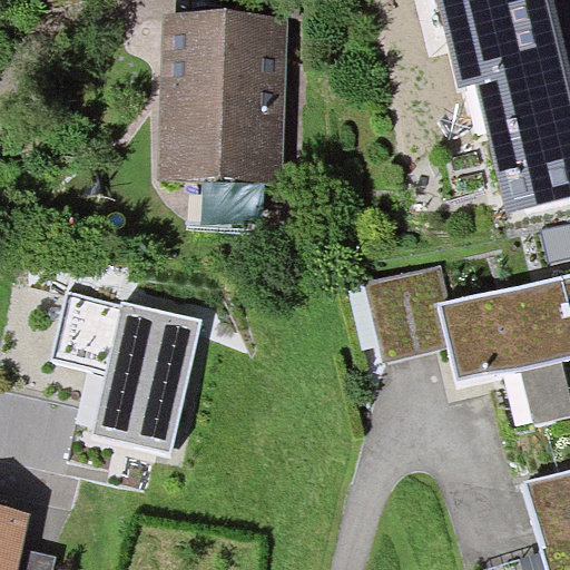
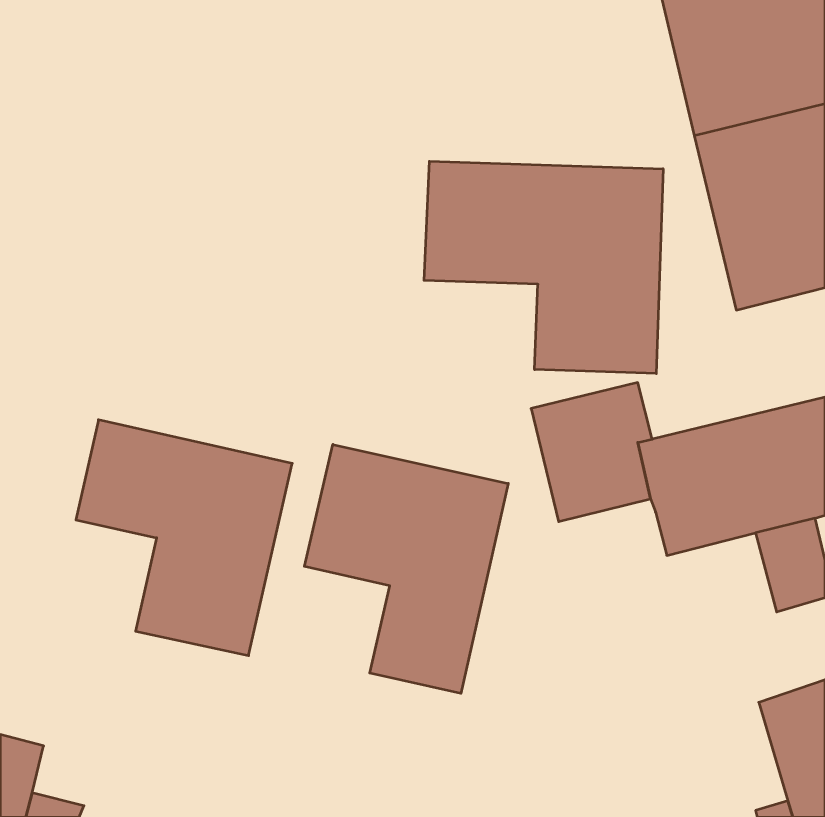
building: [159,13,288,183] -> none
building: none -> [424,161,663,374]
building: none -> [304,444,508,693]

